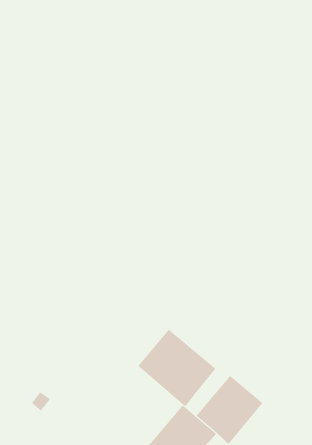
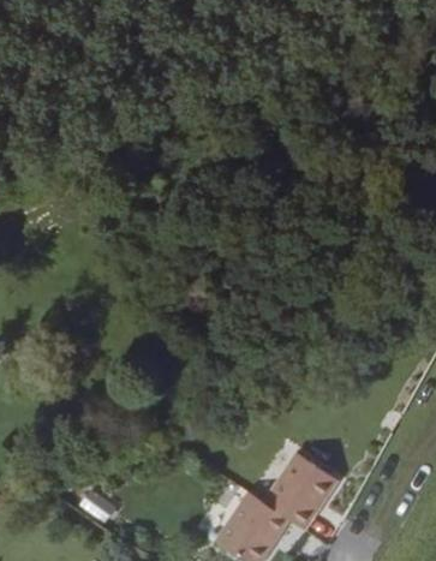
building: [137,329,216,407] -> none

